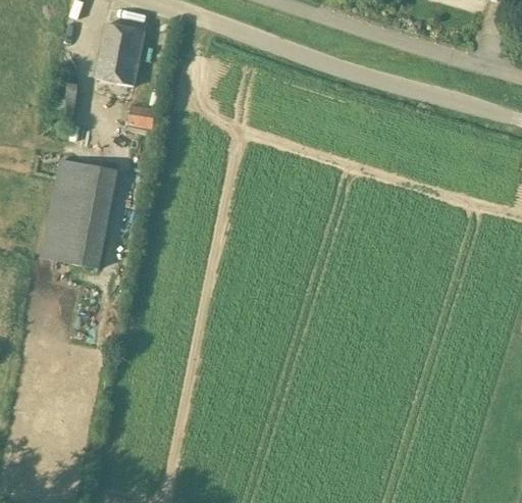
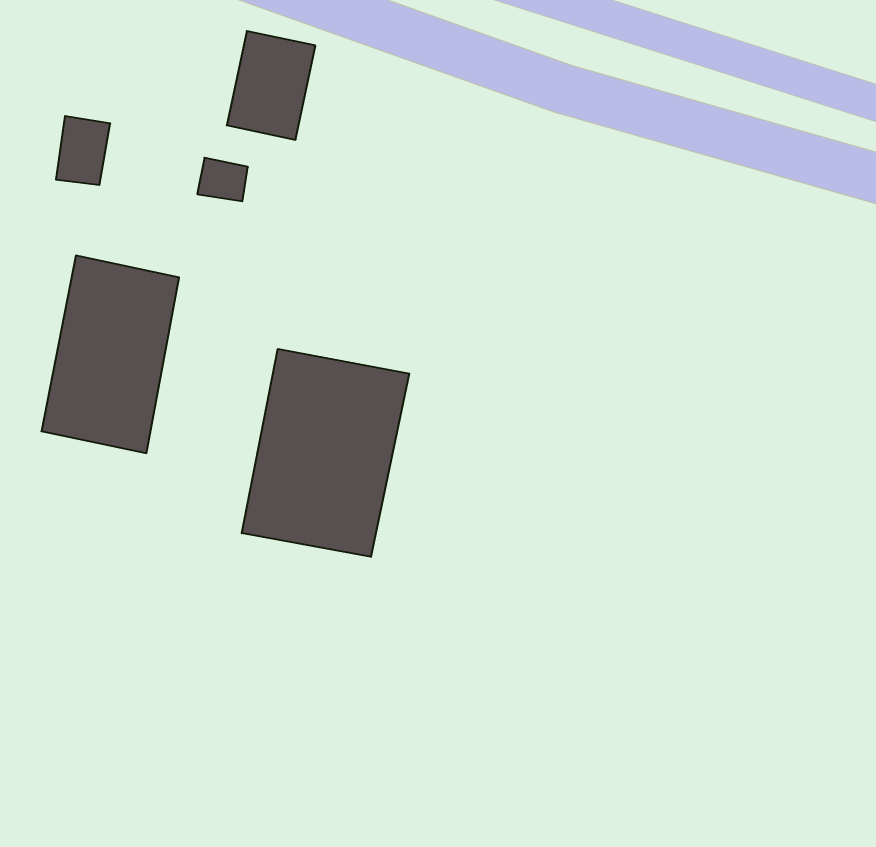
building: [94,22,144,84] -> [227,31,315,140]
building: none -> [242,349,409,557]

